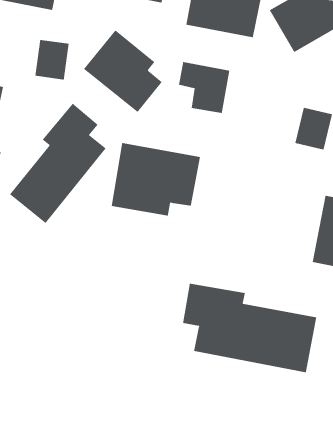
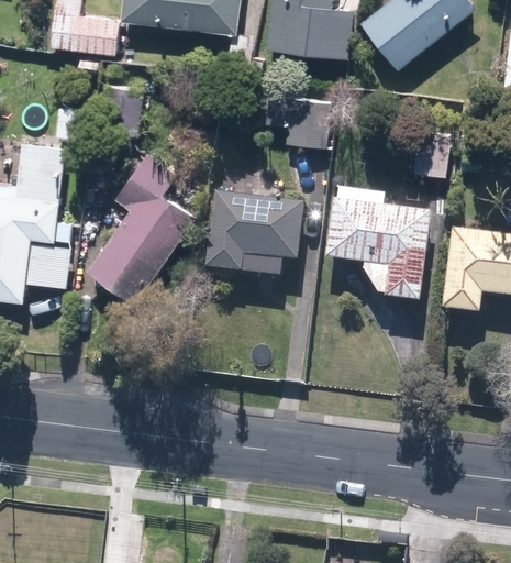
building: [83,30,162,113] -> none
building: none -> [326,186,431,303]
building: [183,283,317,373] -> none

